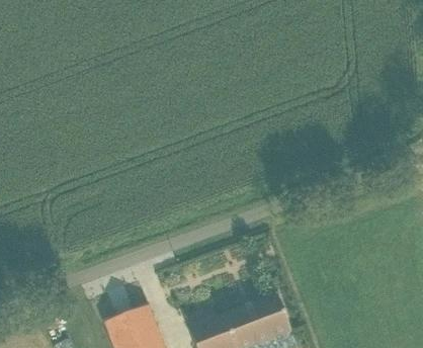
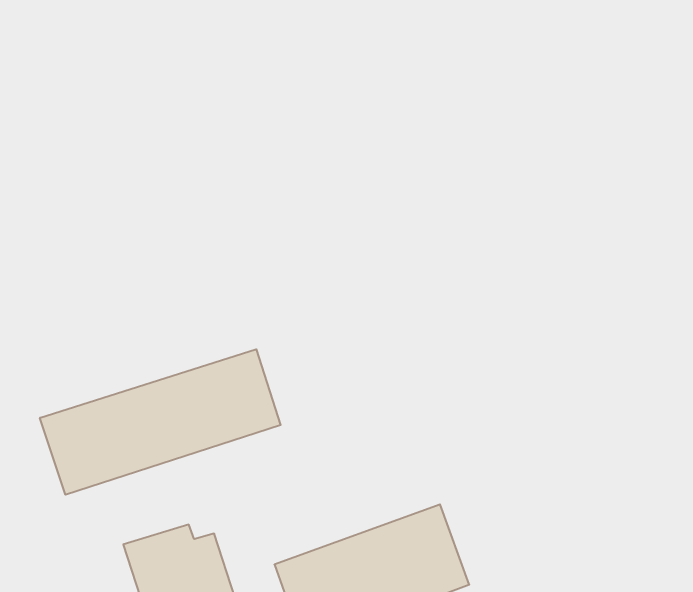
building: none -> [40,349,281,495]

